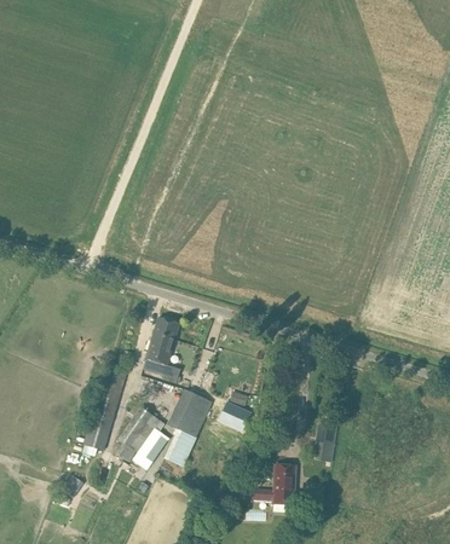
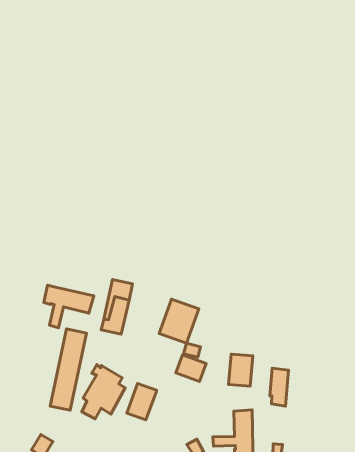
building: none -> [44,285,94,328]
building: [168,389,212,436] -> [159,299,199,343]
building: none -> [229,354,253,386]

